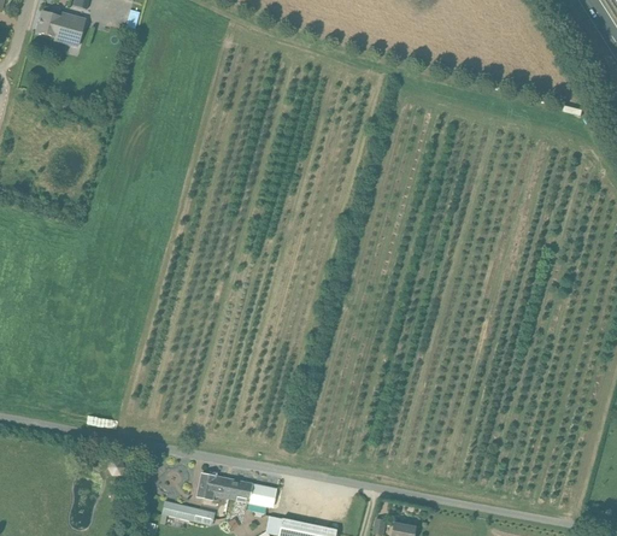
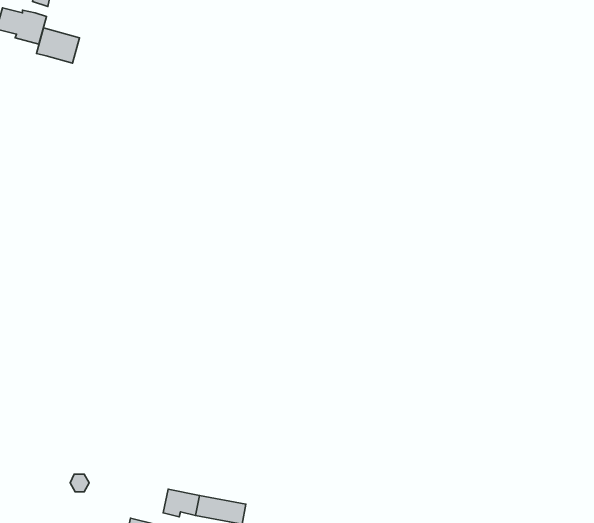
building: none -> [36,28,79,63]

